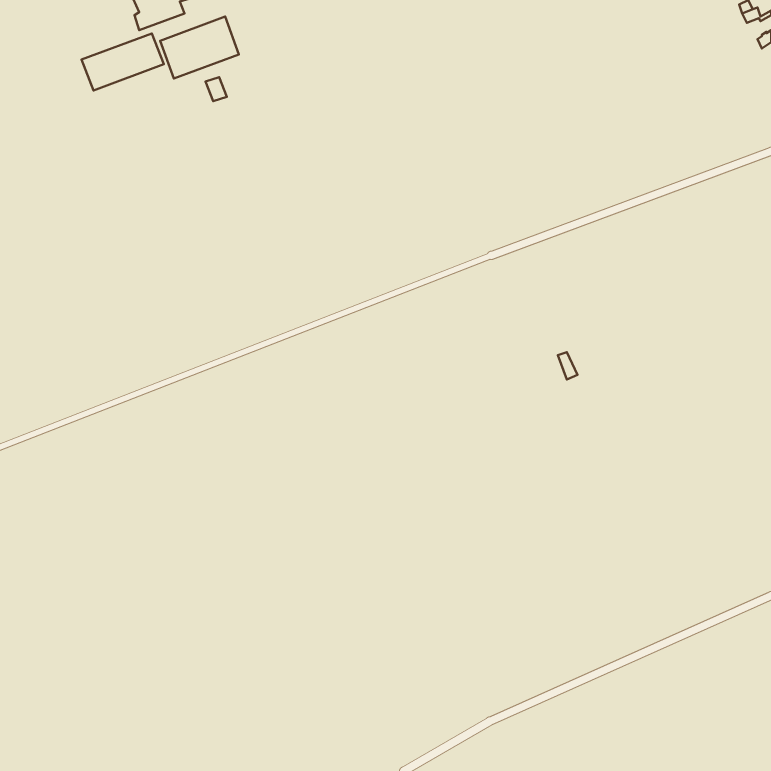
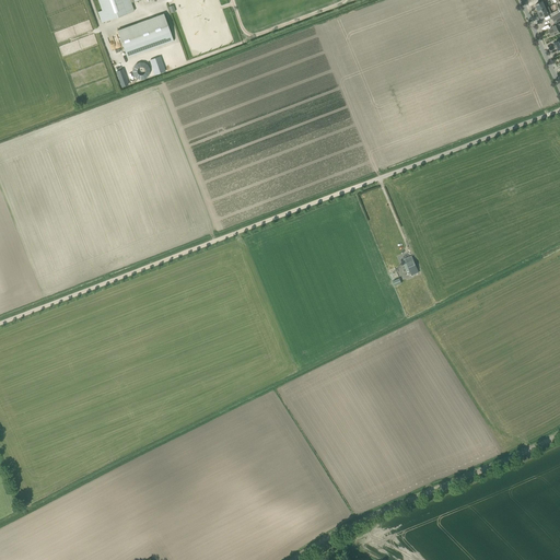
building: [82,33,164,90] -> none

